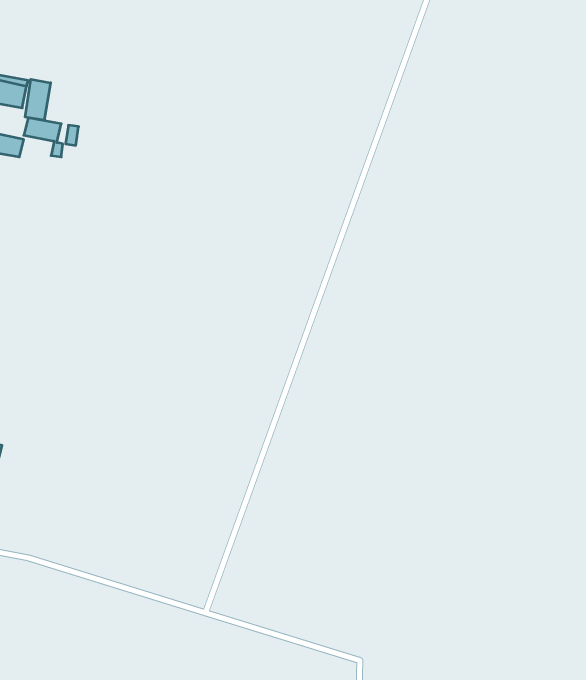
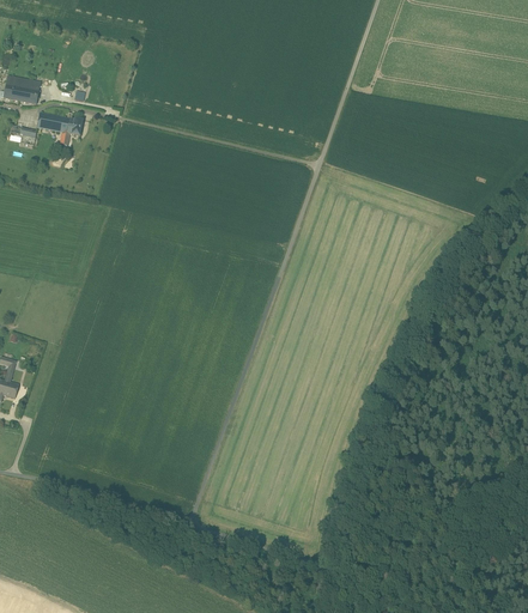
building: [25,79,51,120] -> none

